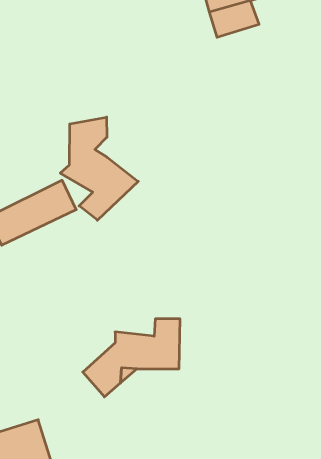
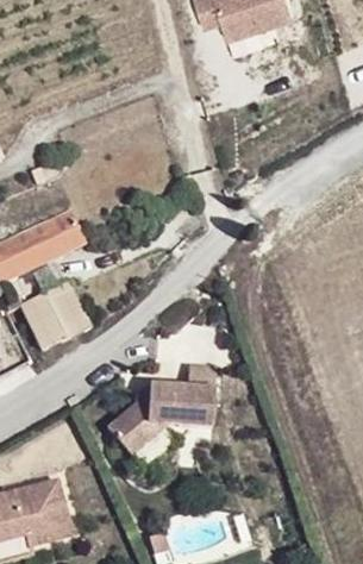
building: [60,117,138,220] -> none
building: none -> [26,282,93,347]

